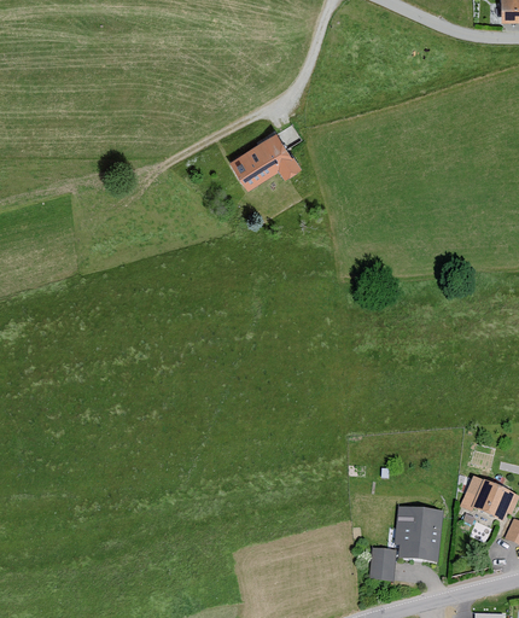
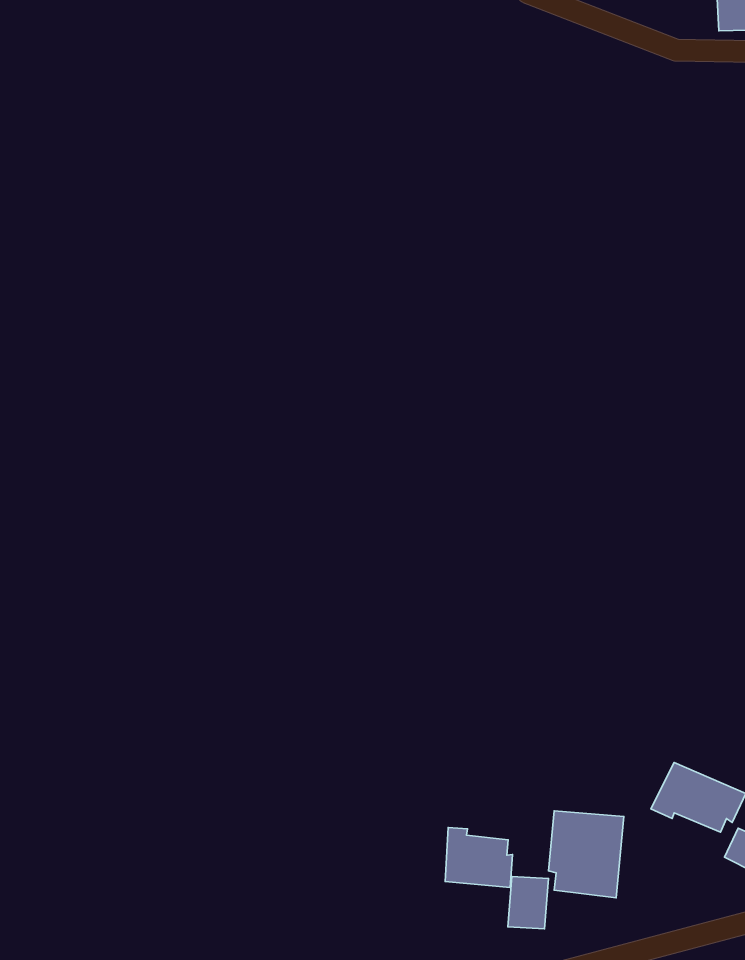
building: [229,129,299,187] -> none
building: none -> [445,827,512,888]

